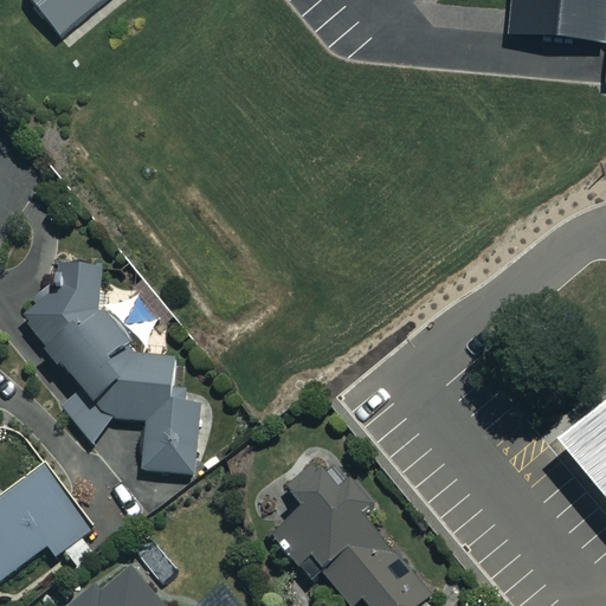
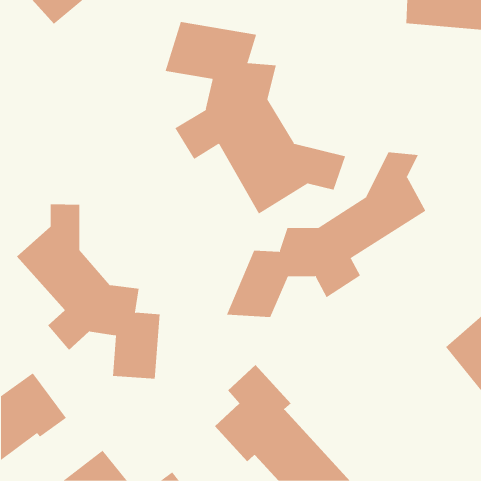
building: none -> [165,21,346,214]
building: none -> [226,151,426,318]

